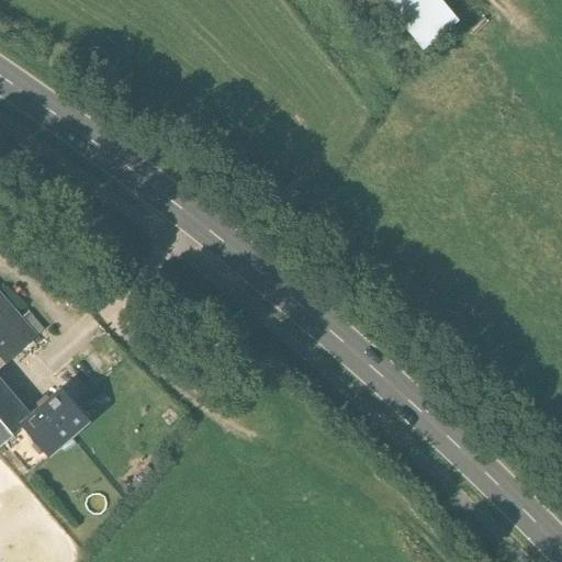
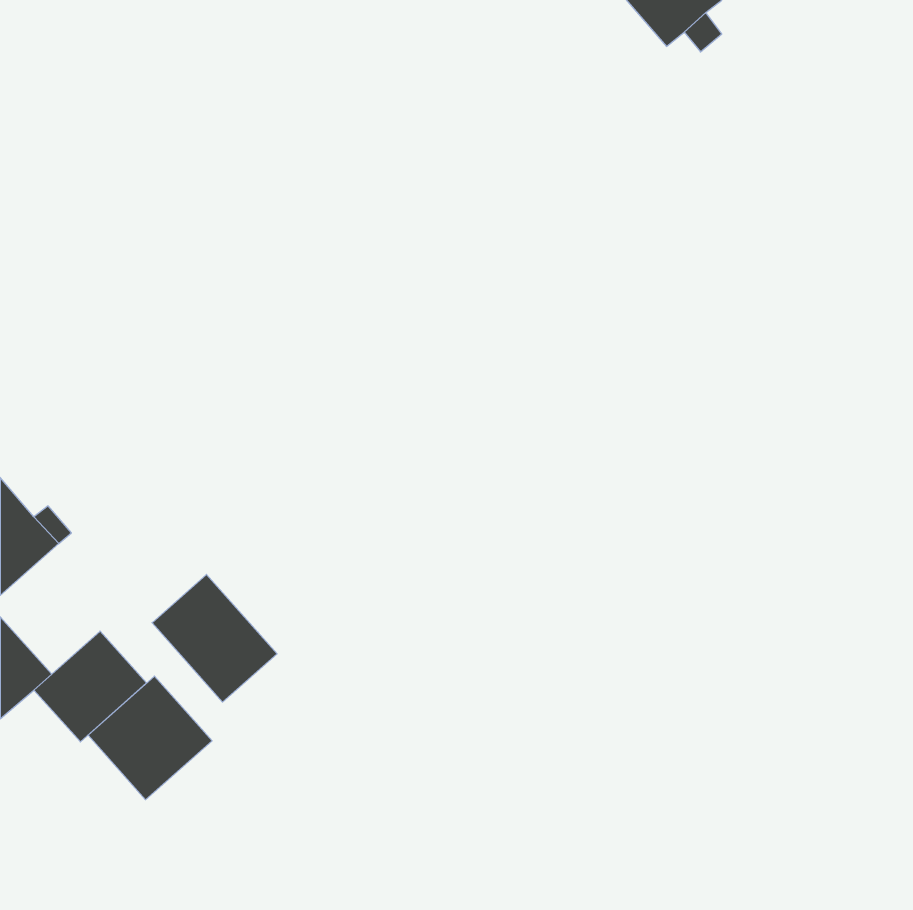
building: none -> [152,574,277,702]
building: none -> [88,676,212,800]

